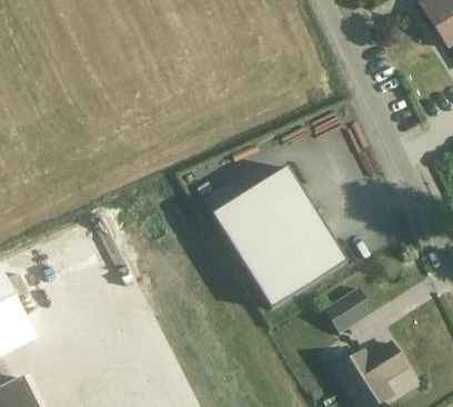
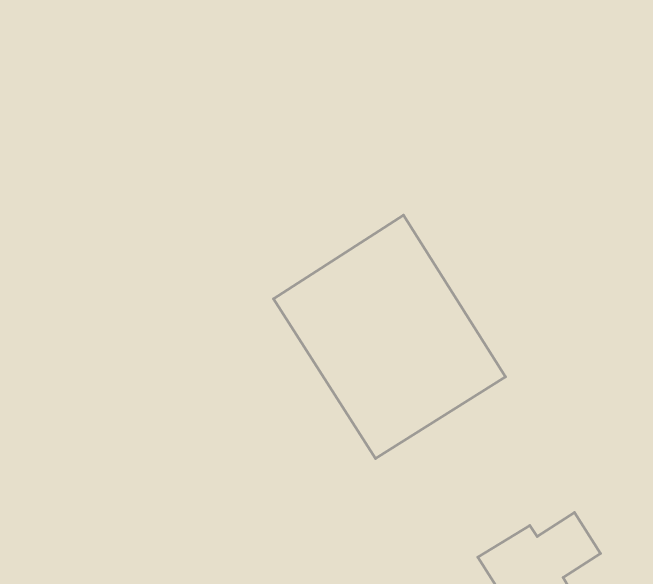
building: [323,289,372,334] -> none

